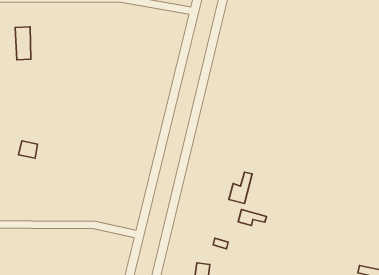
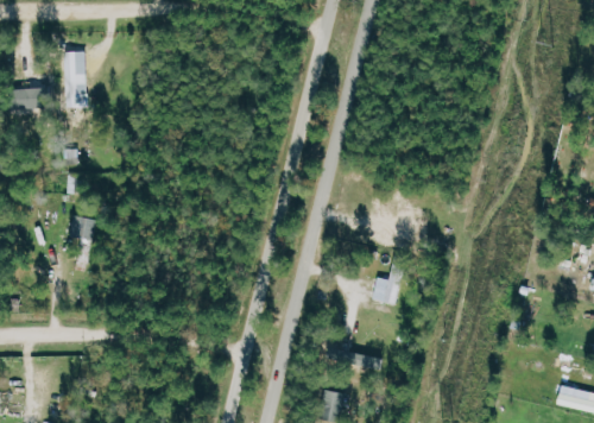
building: [238,210,267,225] -> none

